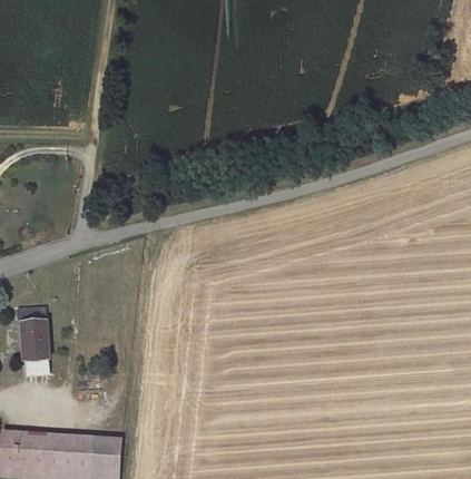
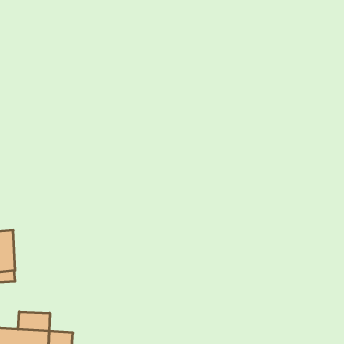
building: none -> [18,312,50,331]

